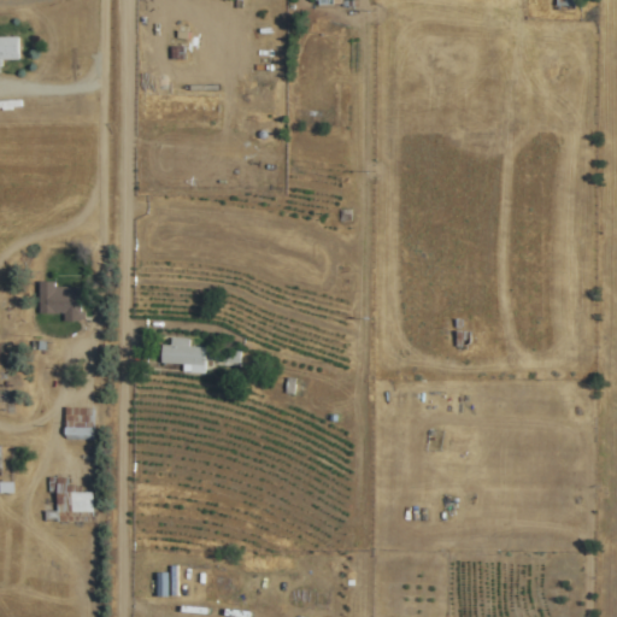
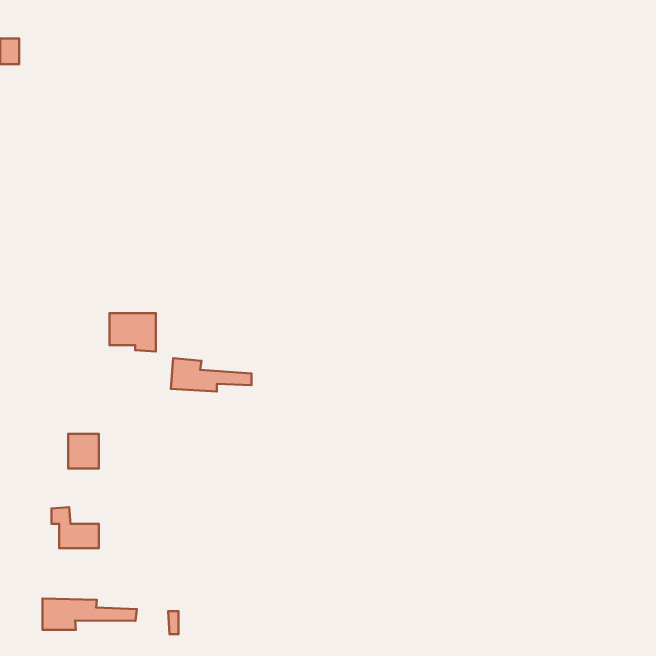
building: [39,284,82,321] -> [109,313,156,352]
building: none -> [43,598,137,630]

